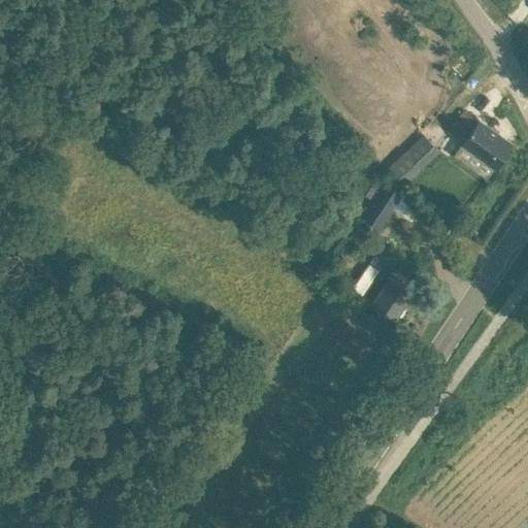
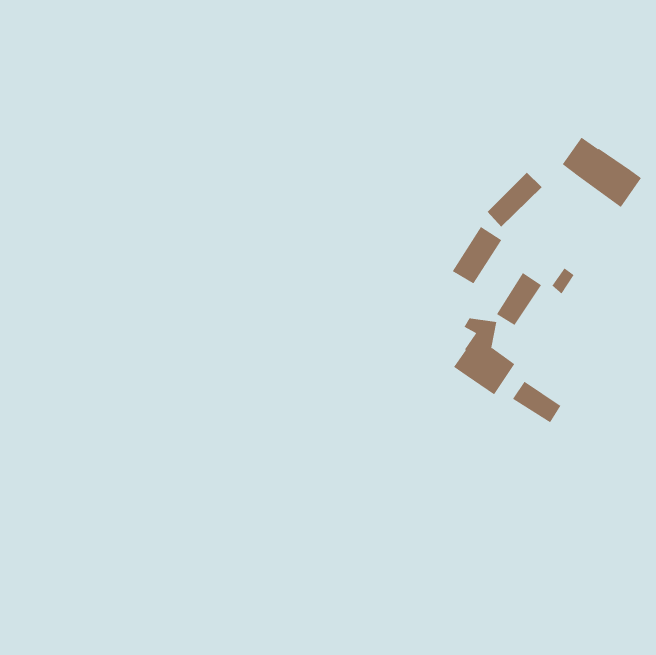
building: none -> [496,272,542,326]
building: none -> [512,381,561,423]

